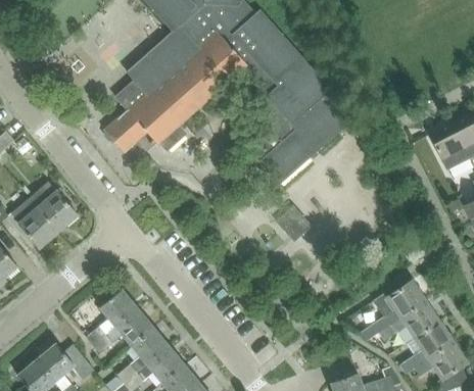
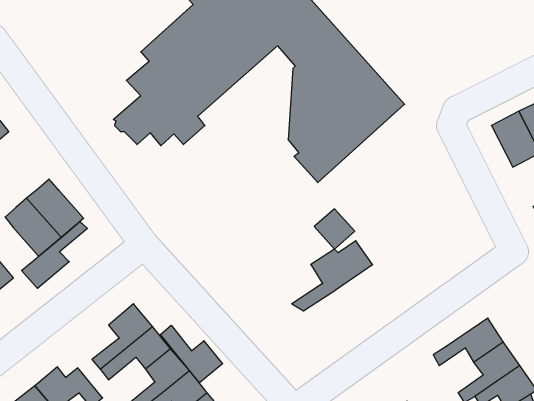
building: none -> [22,221,87,288]
building: [357,281,426,341] -> [292,241,373,311]
building: none -> [160,325,223,383]

